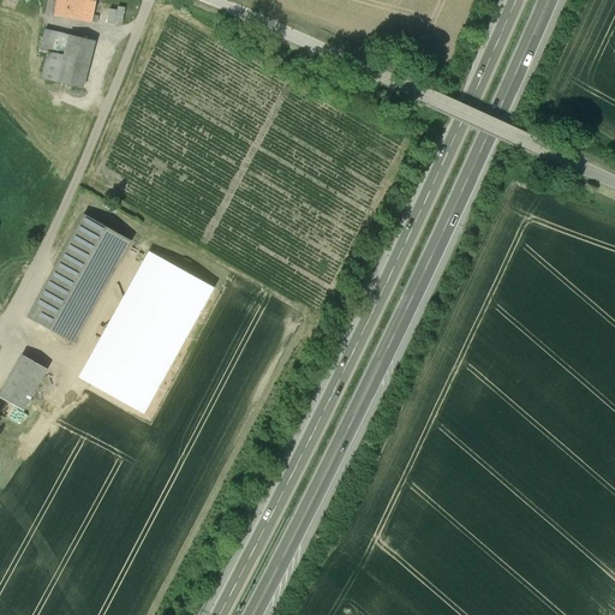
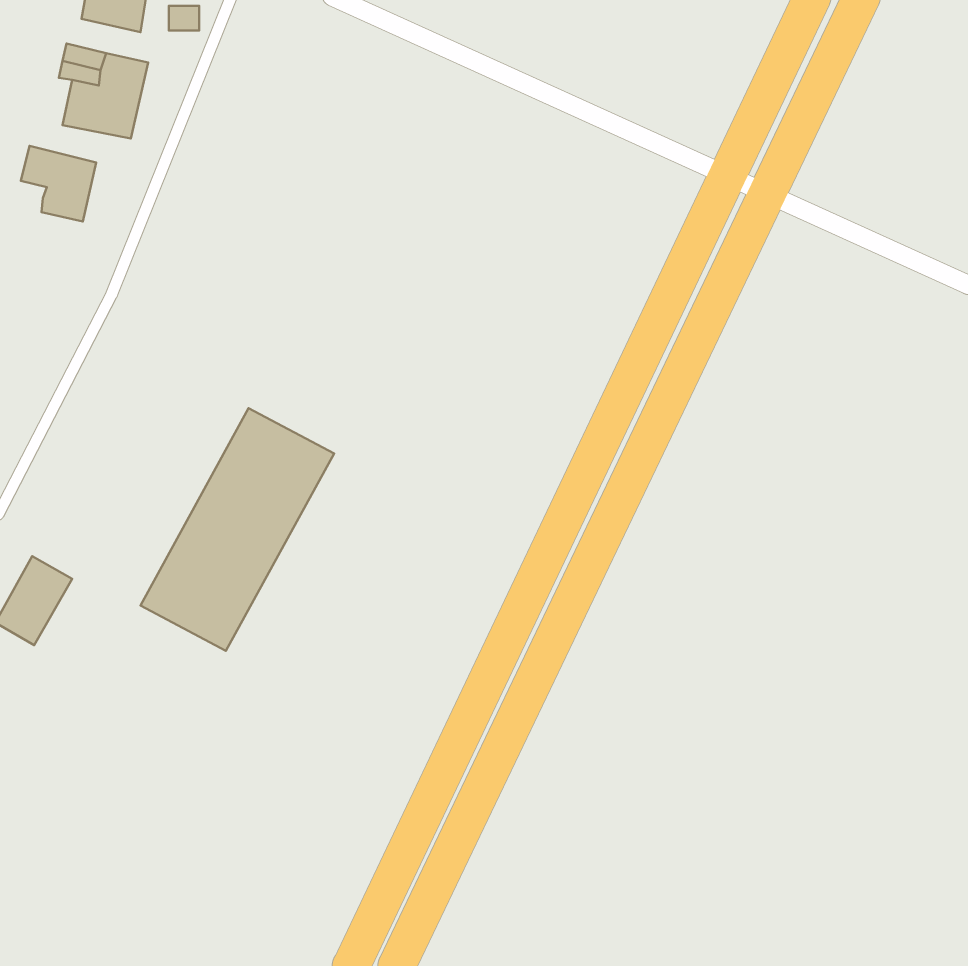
building: none -> [21,146,96,221]
building: [26,214,129,340] -> none

